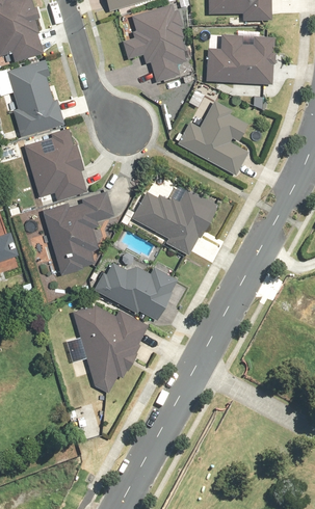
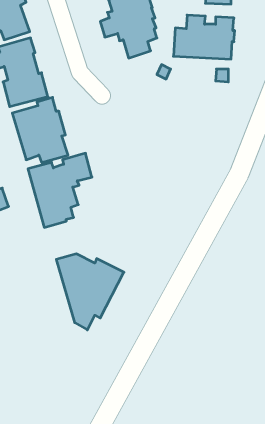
building: [177,100,247,175] -> none
building: [130,188,217,256] -> none
building: [94,262,178,320] -> none

